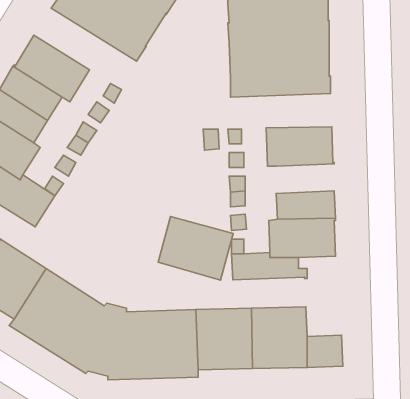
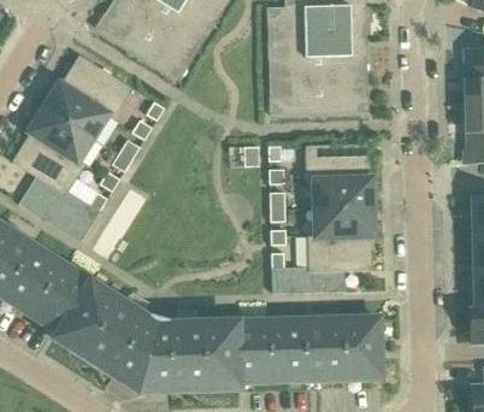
building: none -> [314,179,371,208]
building: [158,217,233,280] -> none
building: none -> [343,318,378,348]

